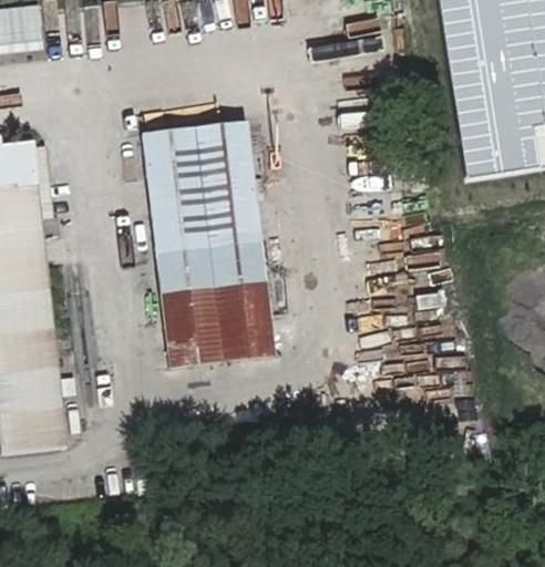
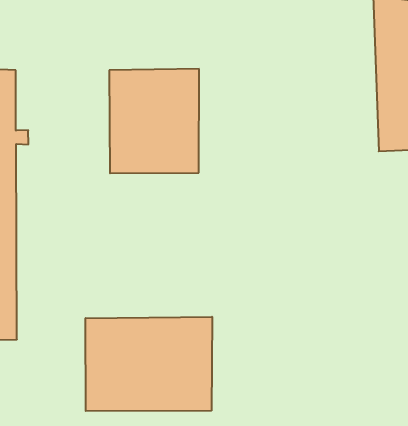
building: [156,240,274,361] -> none
building: none -> [86,317,212,411]

